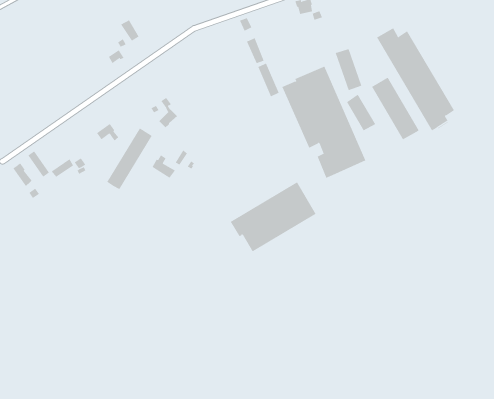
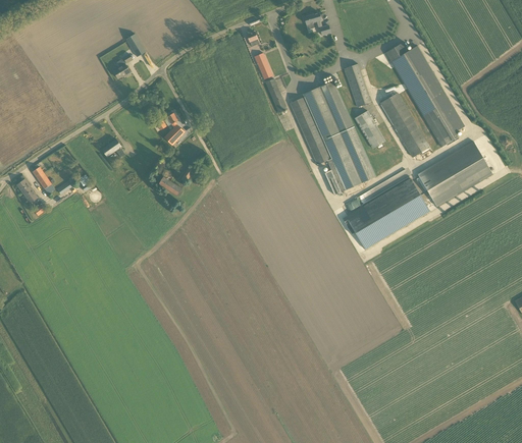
building: none -> [416,141,491,206]
building: [107,128,153,190] -> none
building: [230,182,317,252] -> [342,177,429,248]

